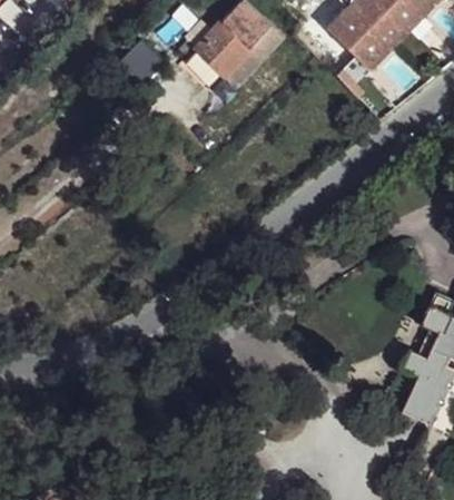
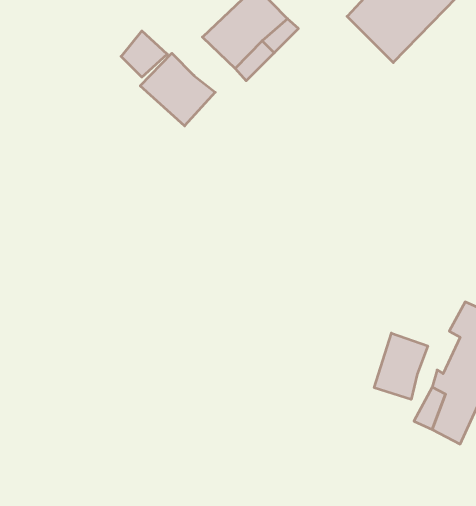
building: none -> [140,53,215,126]
building: none -> [374,333,428,399]

